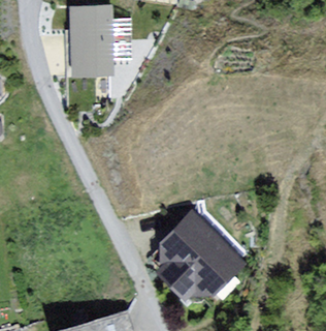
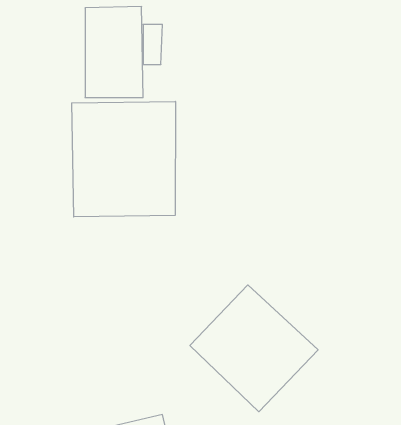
building: none -> [72,101,175,217]

